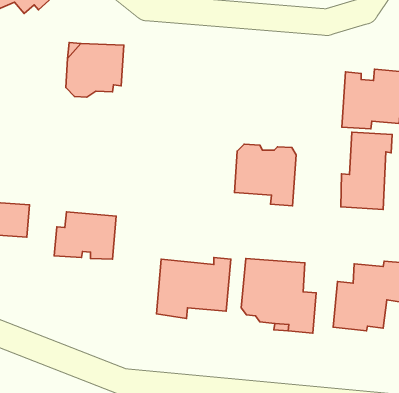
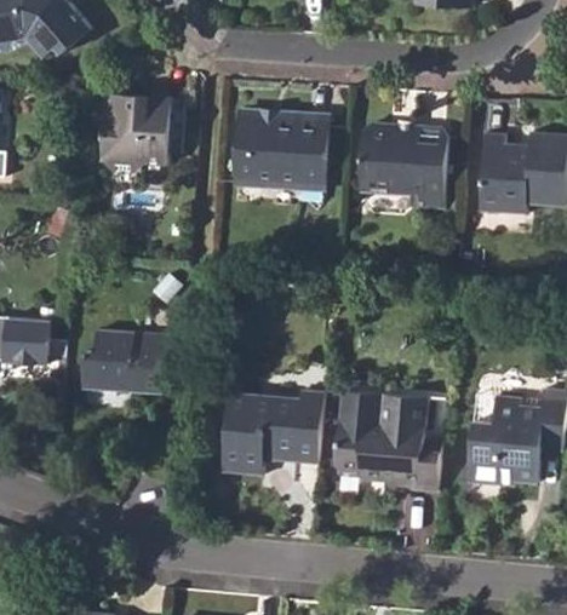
building: none -> [233,107,327,191]
building: [341,132,392,210] -> none
building: [234,144,296,206] -> [359,123,443,208]

